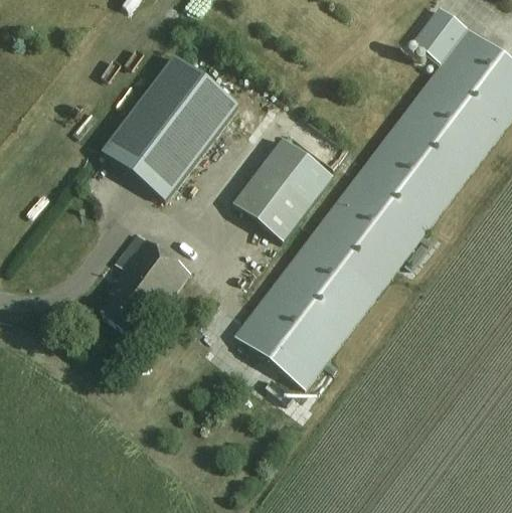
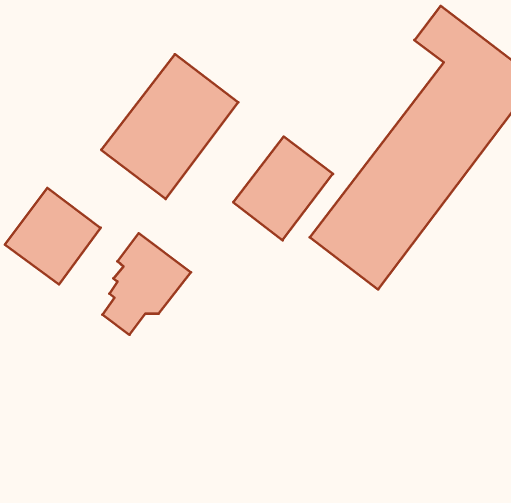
building: none -> [5,188,101,284]
building: [236,237,378,386] -> none

